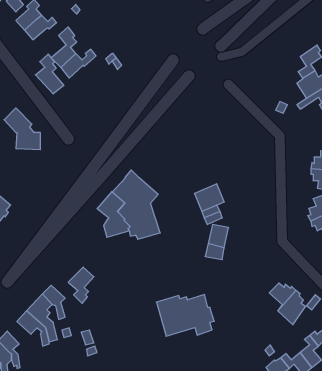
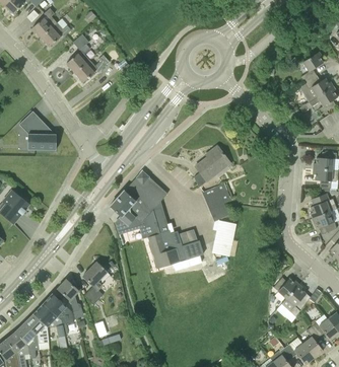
building: [35,54,64,94] -> none
building: none -> [194,146,230,188]
building: [156,295,214,336] -> [148,229,203,269]
building: none -> [24,314,49,344]

